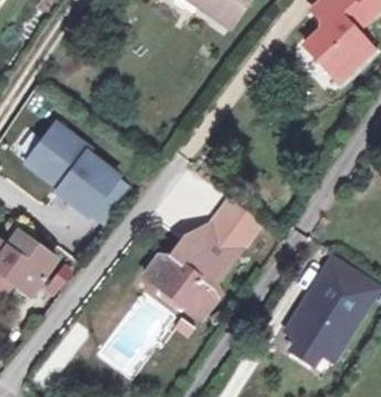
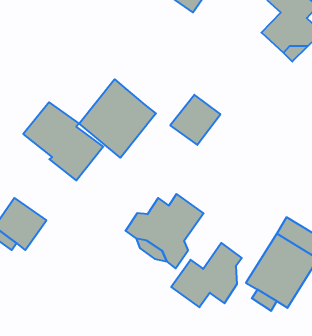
building: none -> [79,79,156,158]
building: [205,196,263,254] -> [170,95,220,145]
building: none -> [171,243,242,307]

